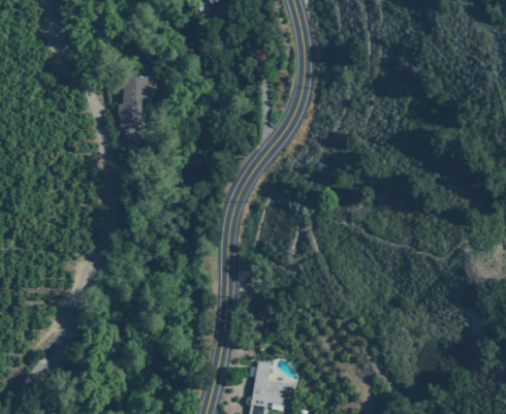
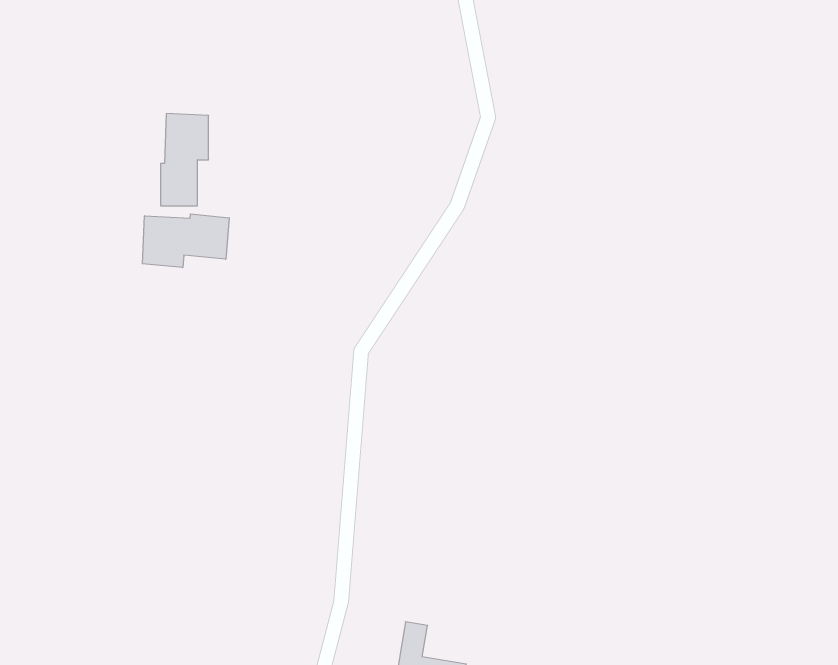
building: none -> [142,214,229,268]

